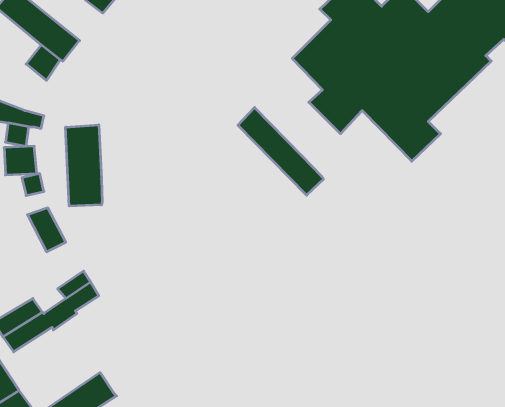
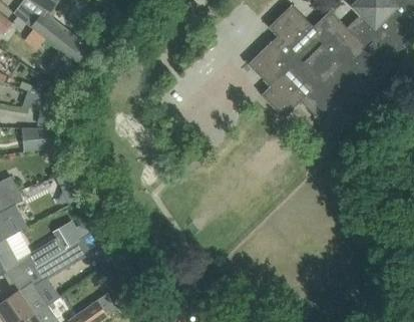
building: [238,107,323,195] -> none
building: [66,125,102,206] -> none

